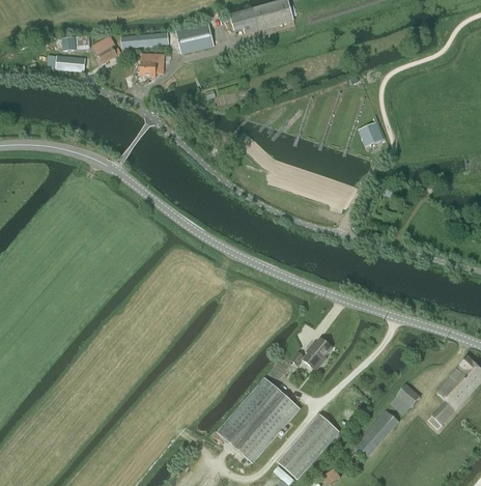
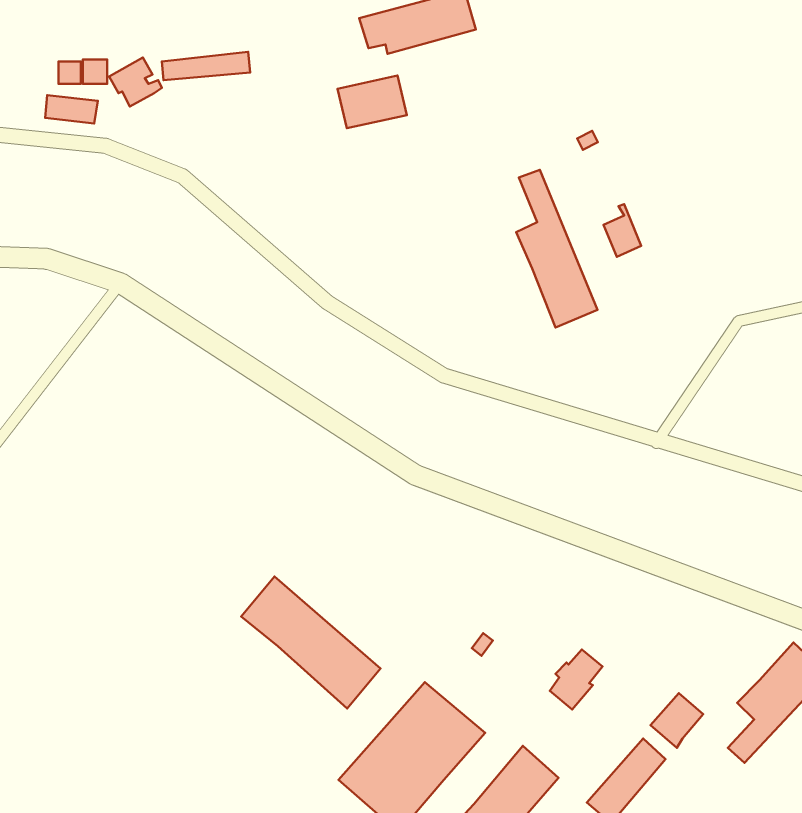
building: [175,23,214,52] -> [337,76,407,128]
building: [140,53,164,76] -> none
building: none -> [516,170,597,328]
building: none -> [241,576,381,708]
building: [303,337,332,370] -> [550,649,602,710]

